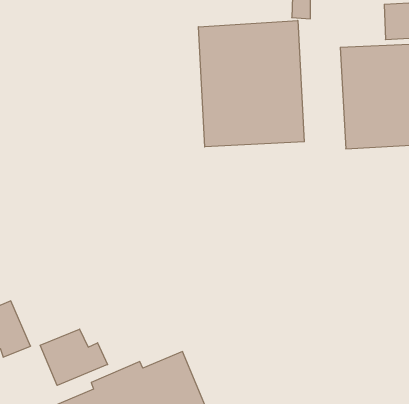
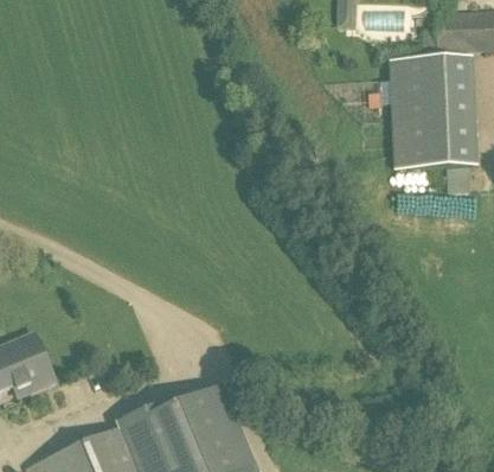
building: [198,20,304,147] -> none
building: [40,329,108,385] -> none

